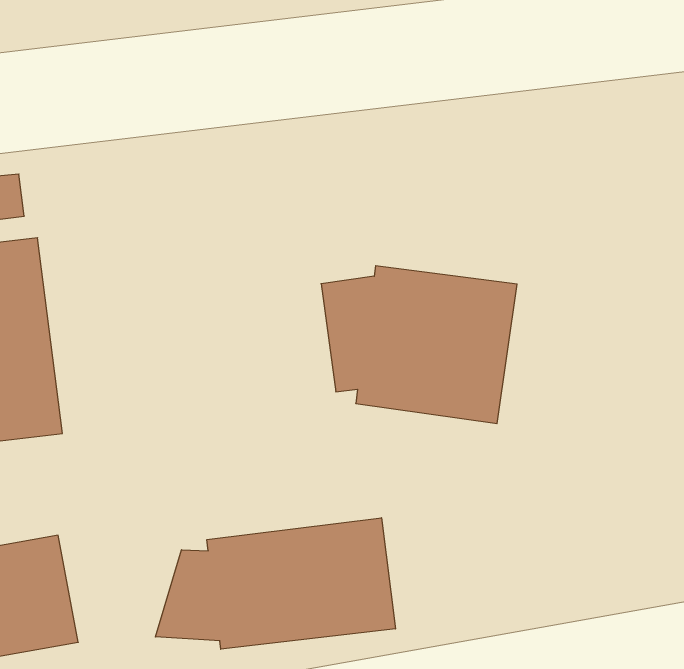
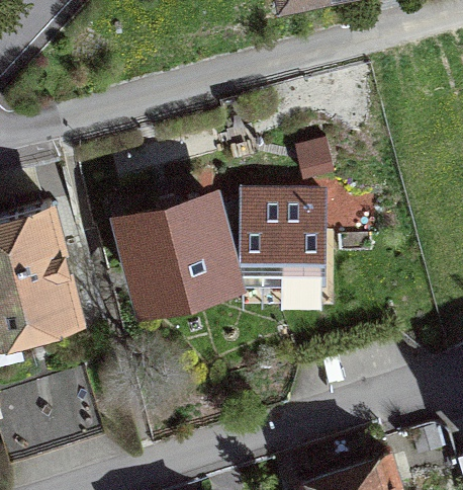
building: none -> [125,197,229,294]
building: [155,518,395,649] -> none

